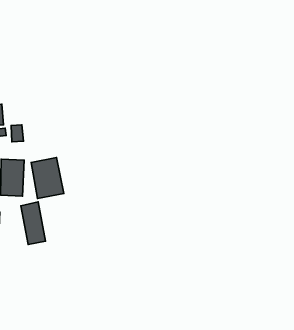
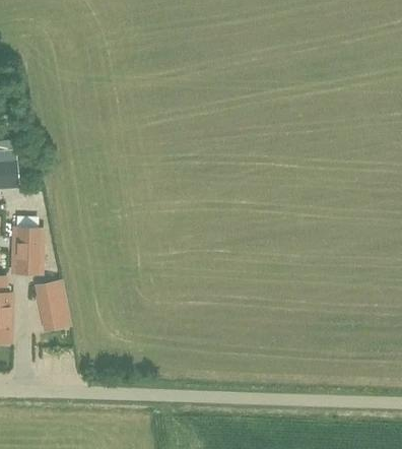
building: [31,158,64,199] -> none

